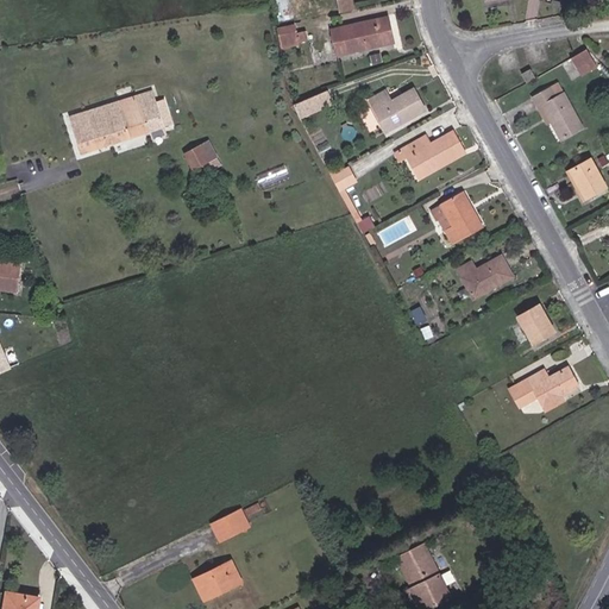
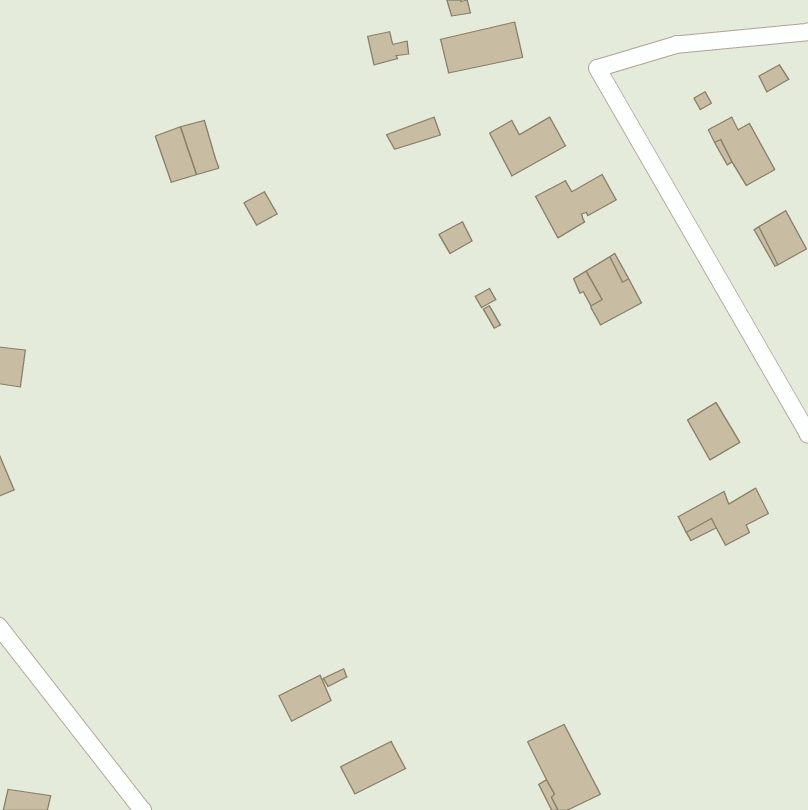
building: [69,102,128,152] -> none
building: [457,255,513,299] -> none
building: [193,560,241,599] -> [341,741,406,794]

